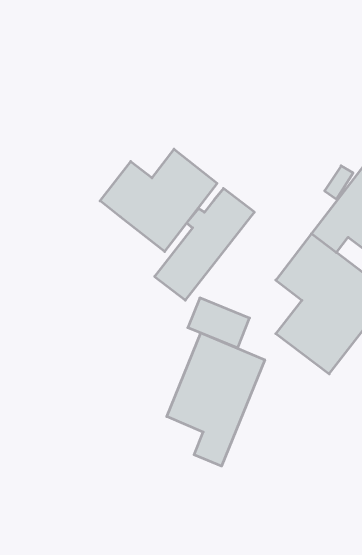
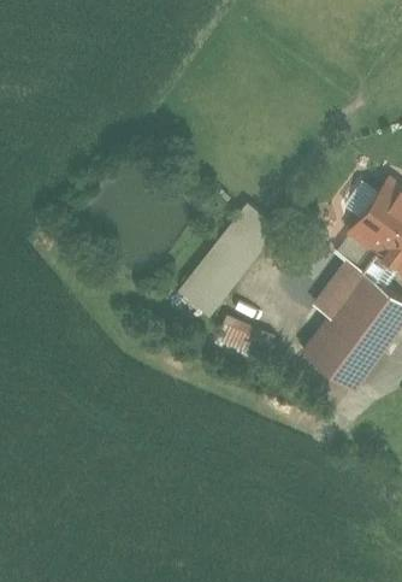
building: [100,149,217,252] -> none
building: [167,333,265,466] -> none

